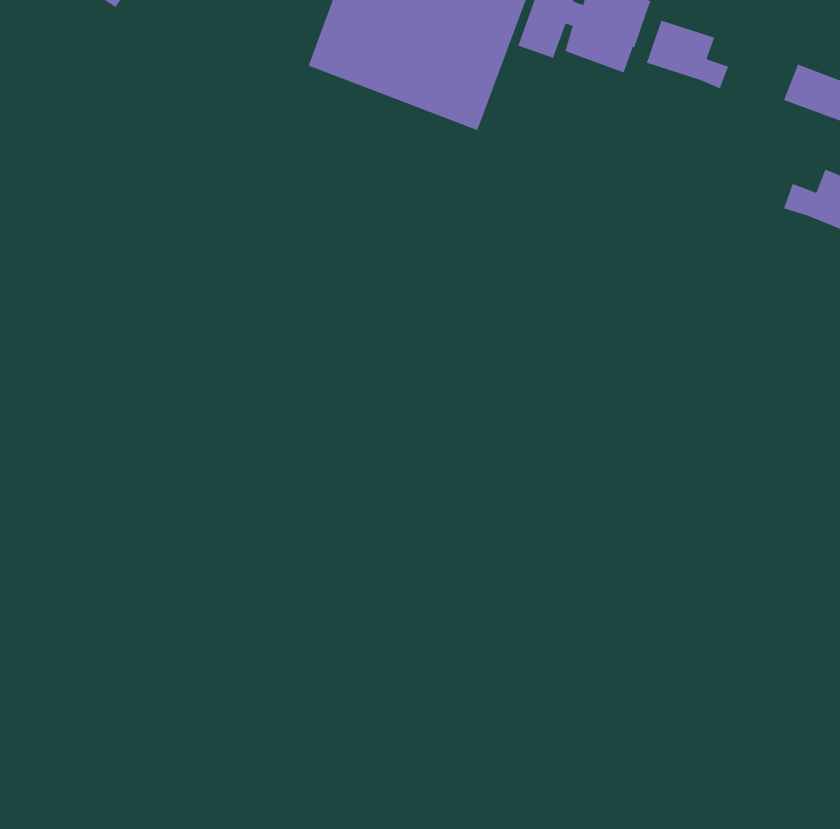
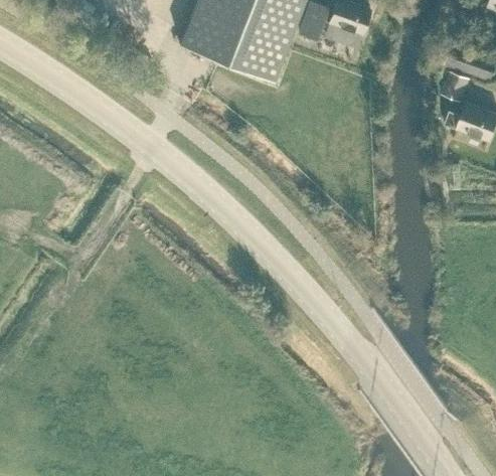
building: [646,20,729,89] -> none
building: none -> [444,71,471,102]

